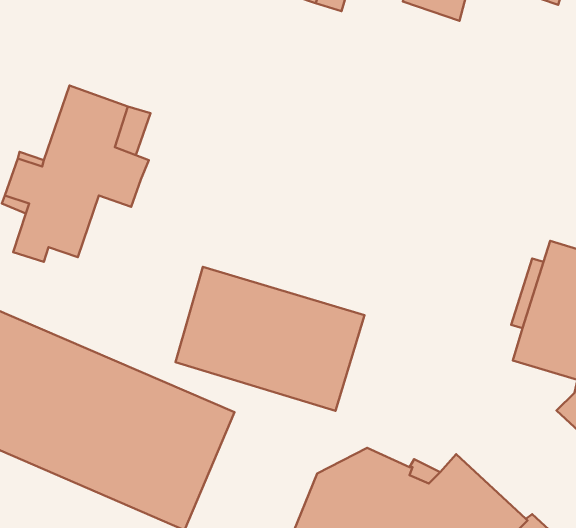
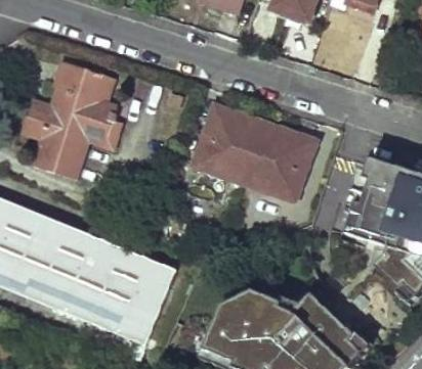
building: none -> [48,121,120,182]
building: [175,267,365,411] -> [194,106,313,197]

